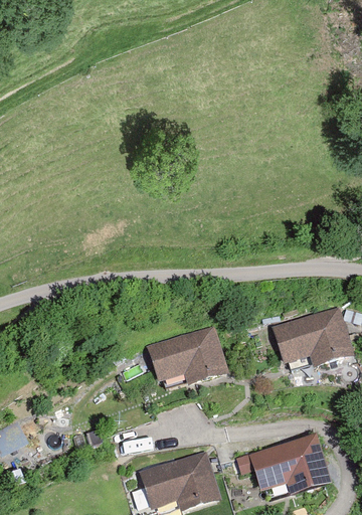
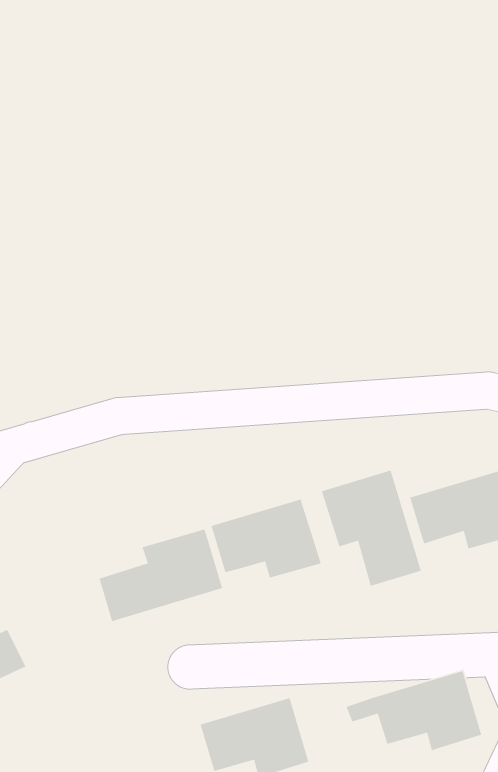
building: none -> [321,469,422,587]
building: none -> [98,529,223,622]

